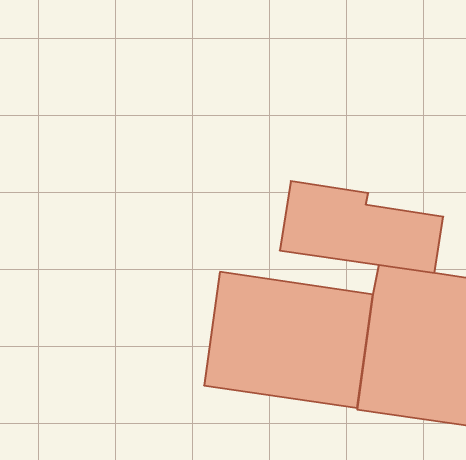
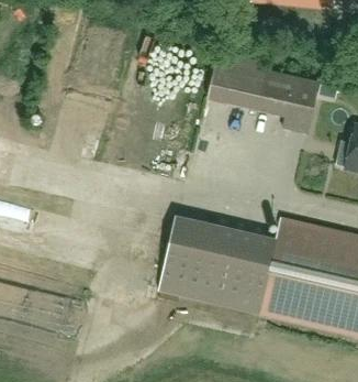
building: [280,181,443,273] -> [209,51,321,120]

